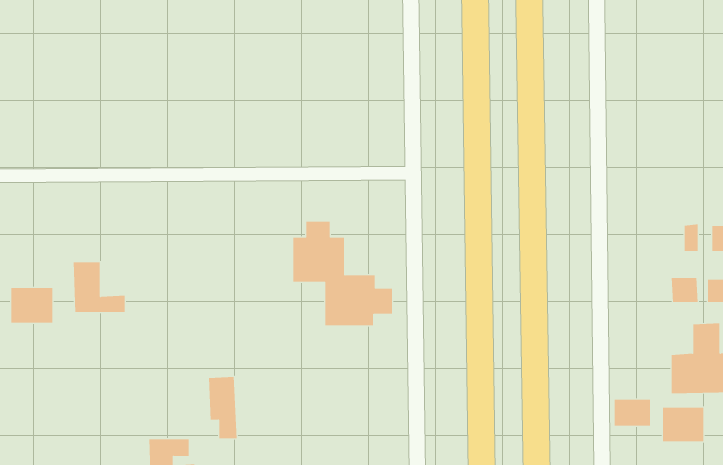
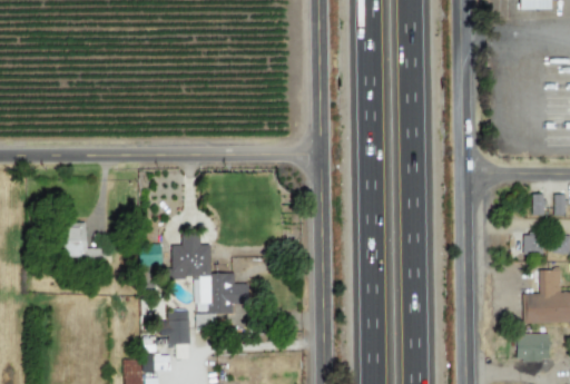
building: [293,221,393,326] -> [173,233,249,313]
building: [11,287,53,324] -> none
building: [614,399,651,427] -> none

